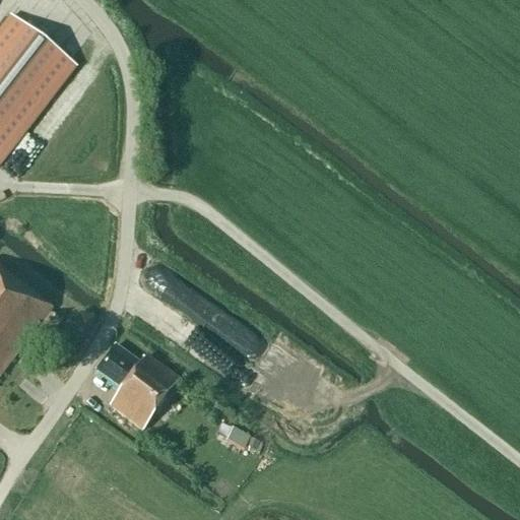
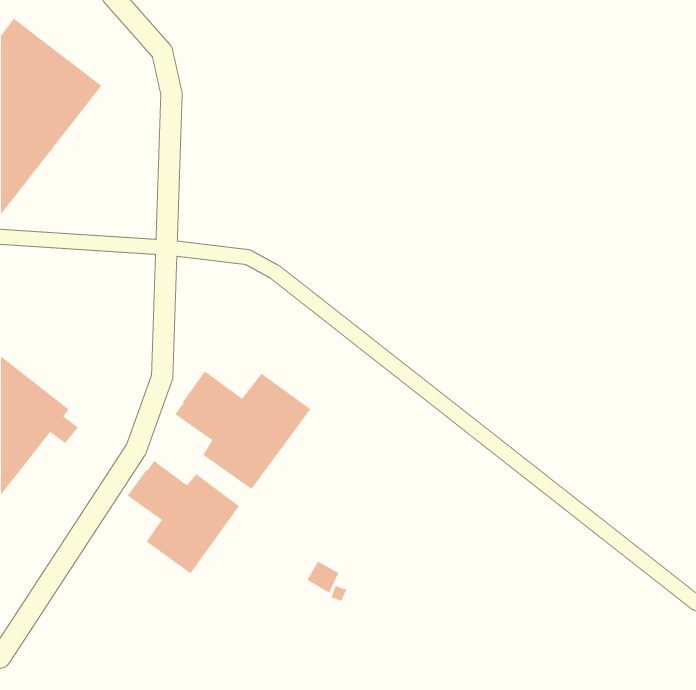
building: none -> [175,371,311,490]

